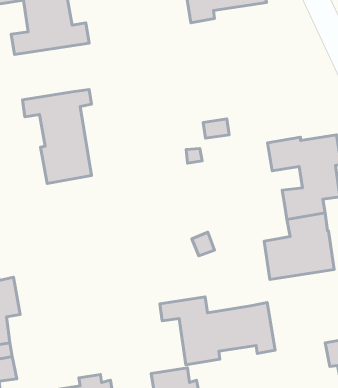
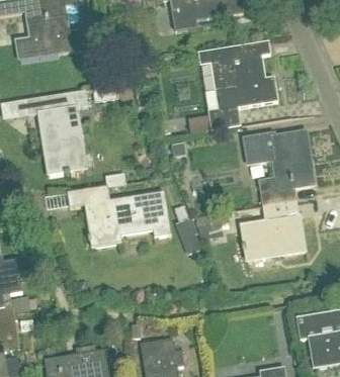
building: none -> [197,41,276,109]
building: [160,297,275,365] -> [67,186,170,247]

